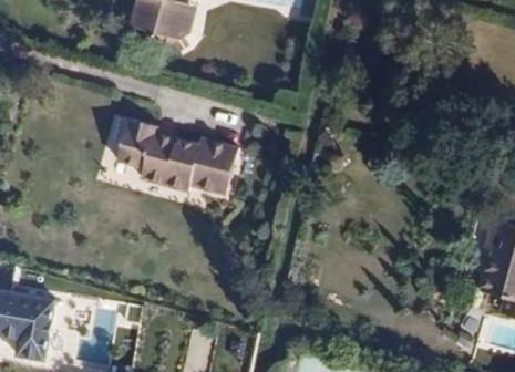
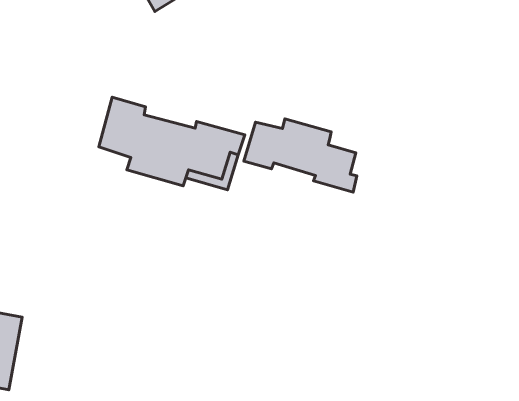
building: none -> [244,119,357,192]

